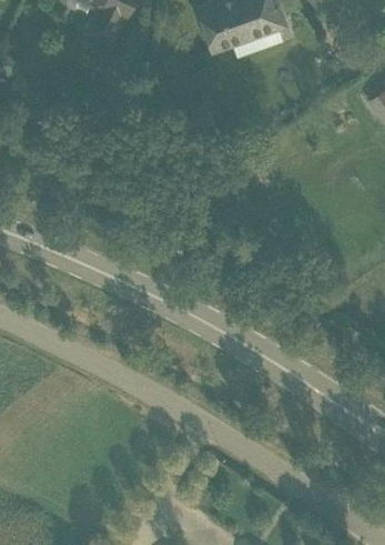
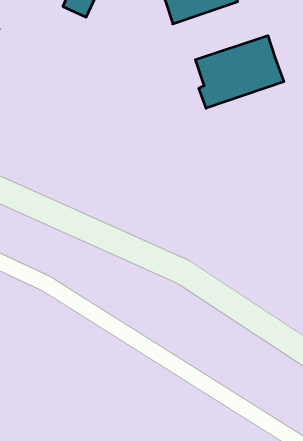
building: none -> [195,36,284,108]

